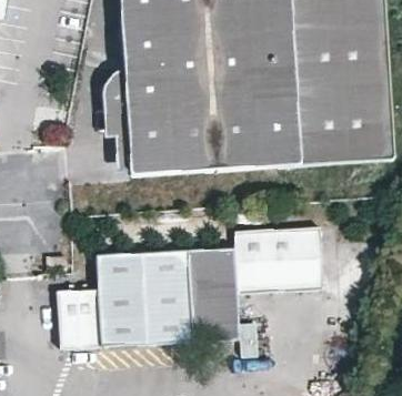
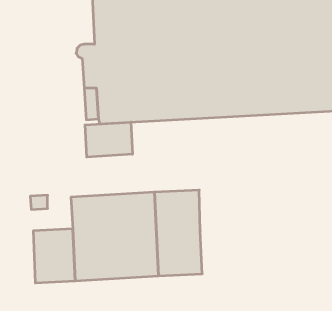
building: none -> [85,122,132,157]
building: [237,224,324,291] -> none

